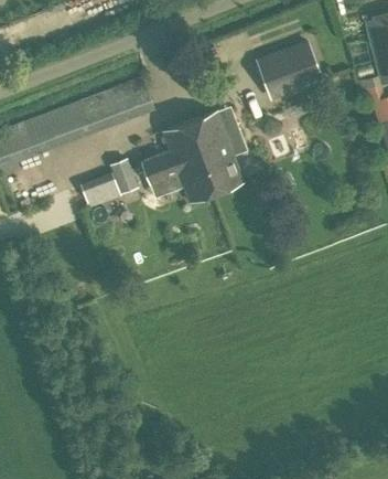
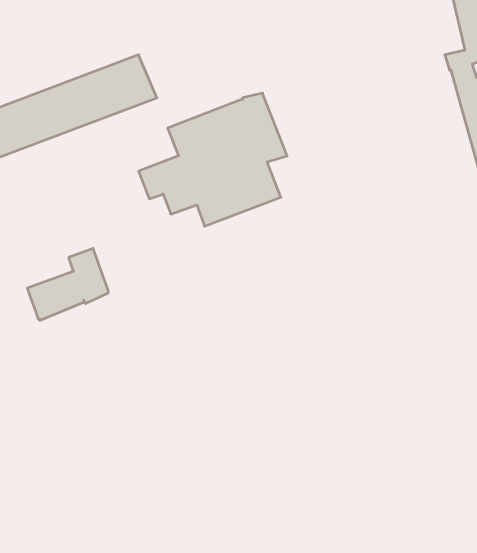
building: [257,43,323,103] -> none
building: [79,156,138,207] -> [27,248,108,320]

